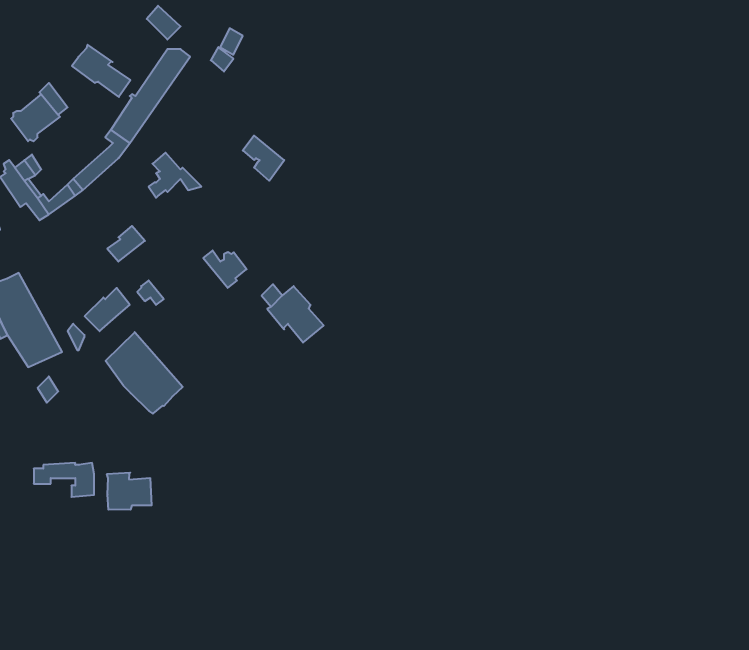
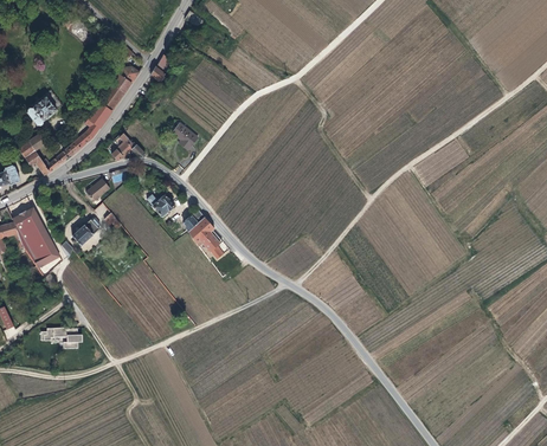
building: [72,45,130,97] -> none
building: [106,332,183,414] -> none
building: [107,473,152,510] -> none

